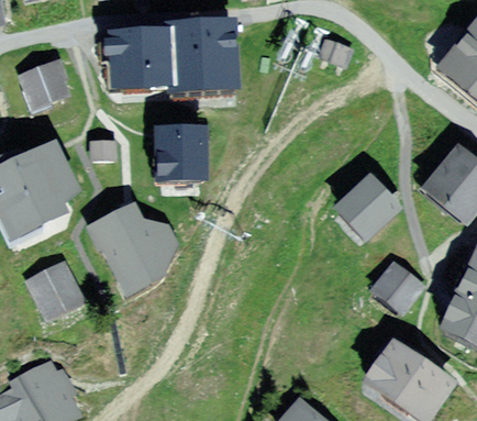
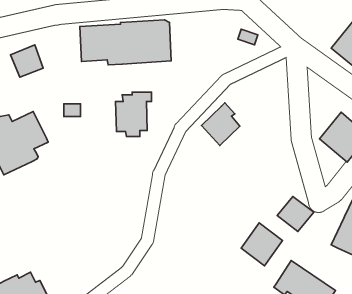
building: [343,178,393,234] -> [201,103,240,145]
building: [93,210,171,288] -> none
building: [31,267,78,314] -> none
building: none -> [241,223,283,266]

